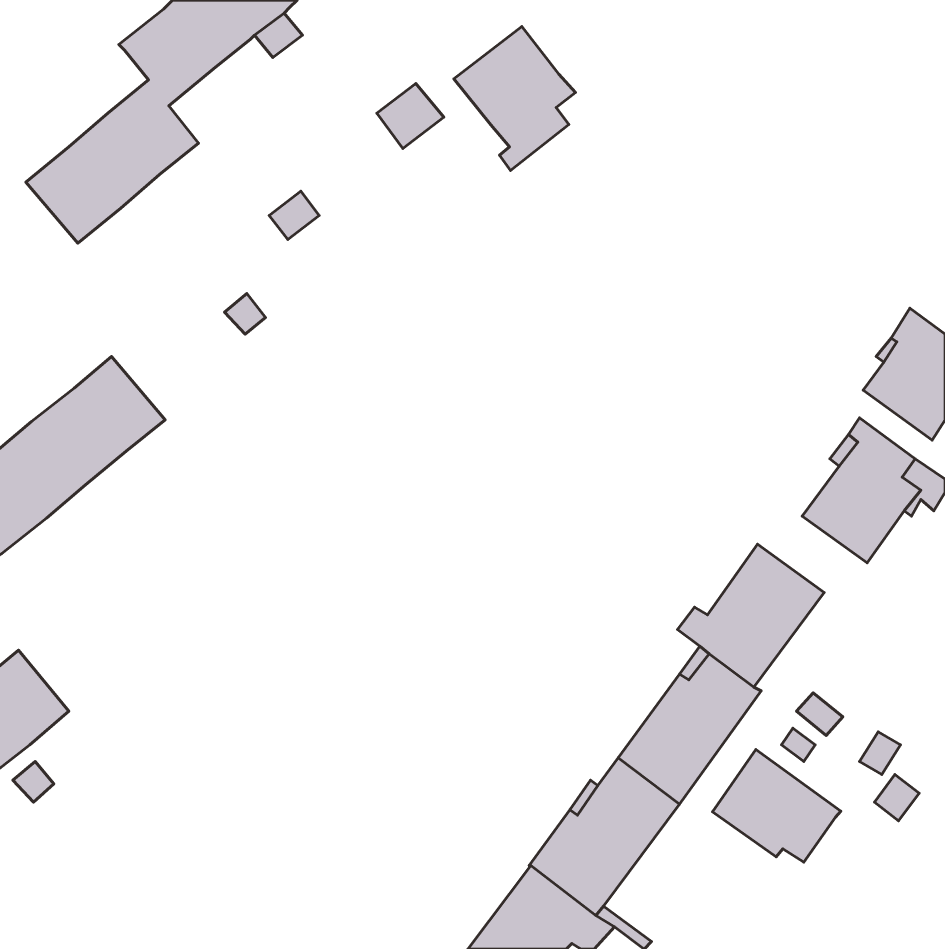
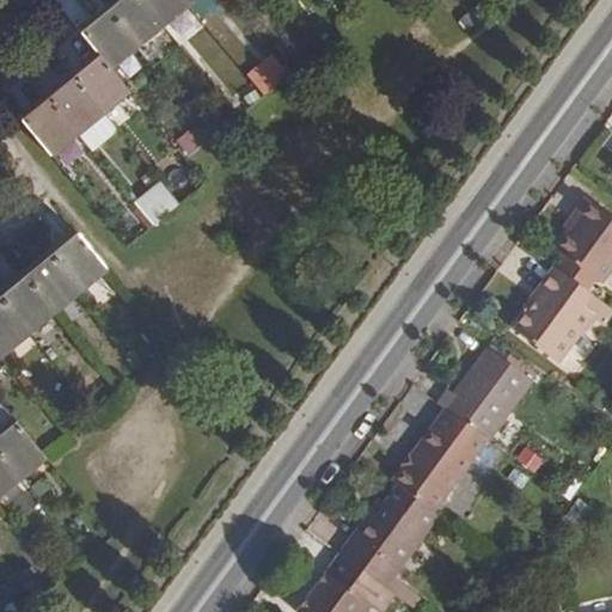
building: [454,26,575,171] -> none
building: [712,750,841,862] -> none

